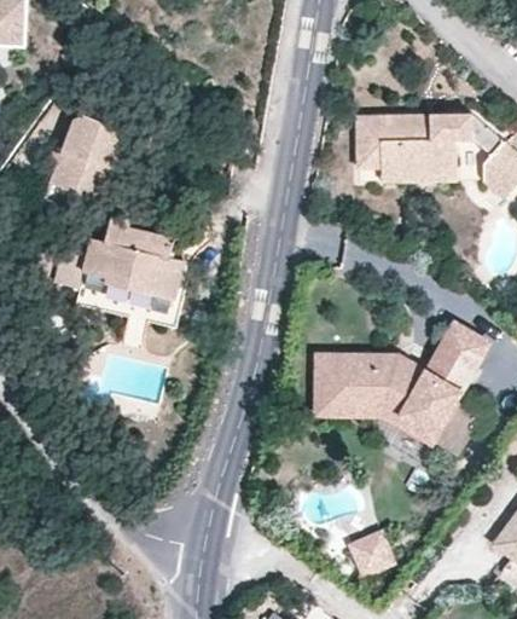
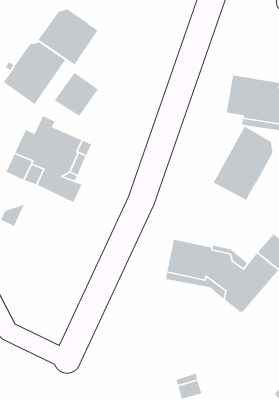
building: none -> [38,9,99,66]
building: none -> [54,72,99,117]
building: none -> [212,126,274,201]

